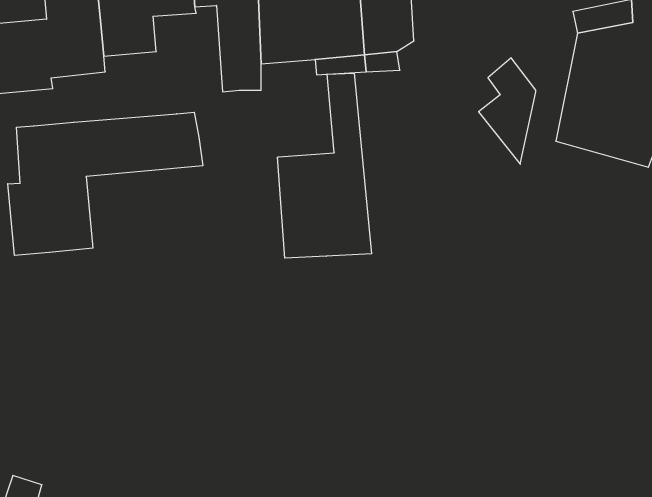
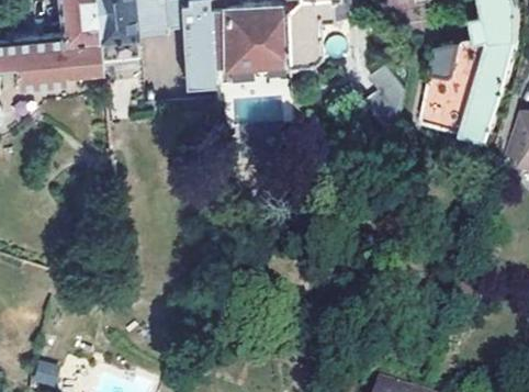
building: [277,73,372,258] -> none
building: [8,112,203,255] -> none

